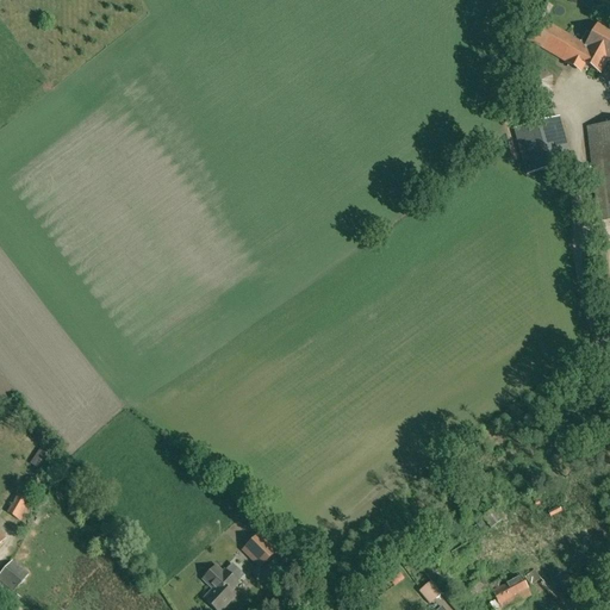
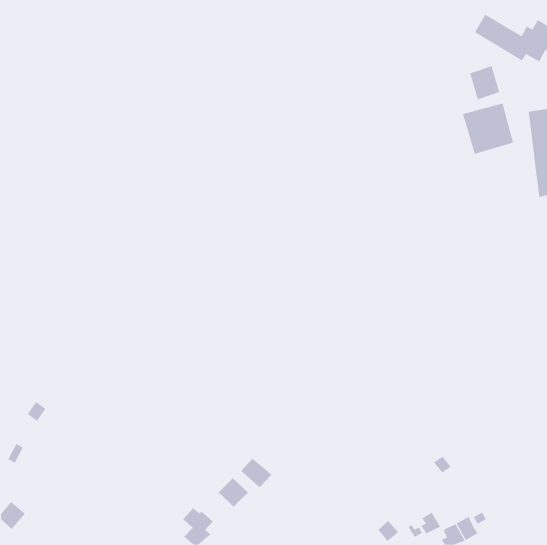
building: none -> [470,65,500,100]
building: none -> [240,458,272,488]

